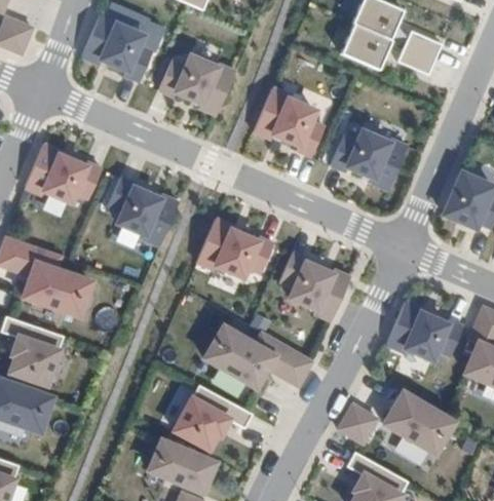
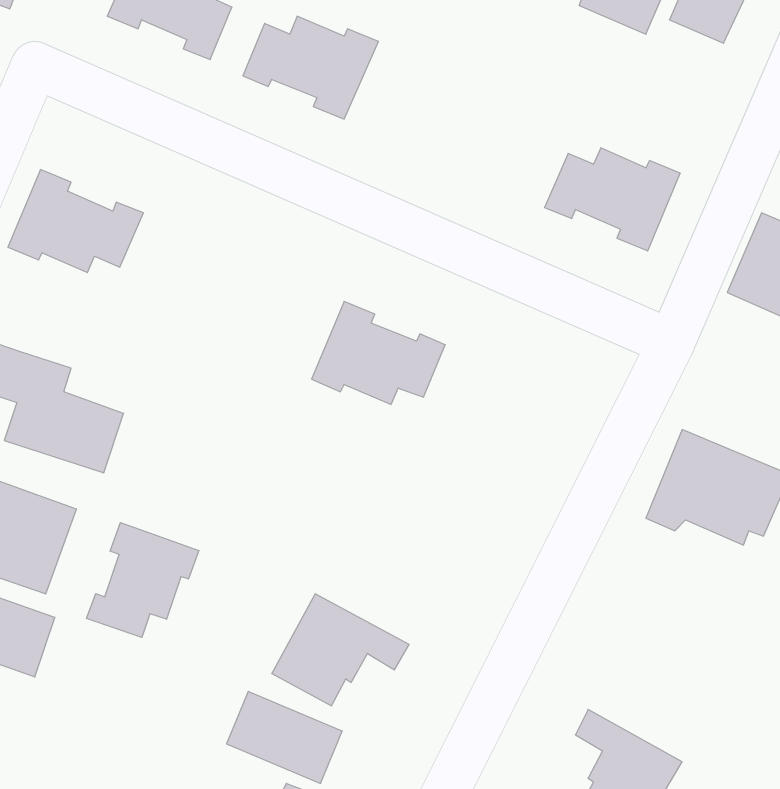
building: [254,88,324,157] -> none
building: [107,179,178,247] -> none
building: [279,253,350,321] -> none
building: [206,320,314,381] -> none
building: none -> [87,523,199,637]
building: [384,393,453,454] -> none
building: [338,404,377,444] -> none

